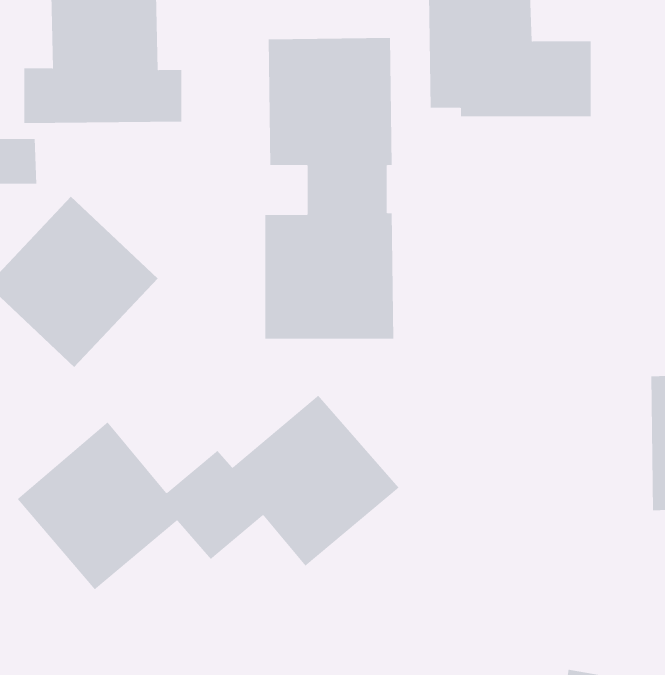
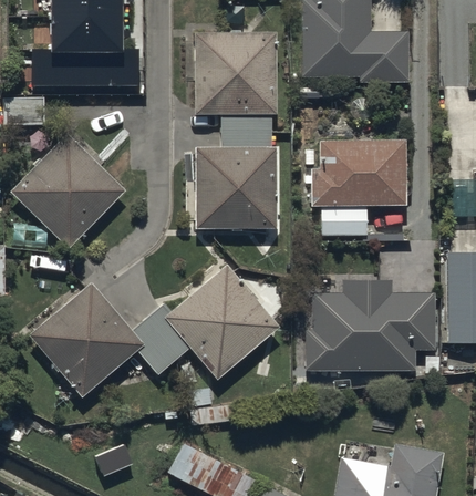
building: none -> [310,140,405,208]
building: none -> [300,279,434,366]

